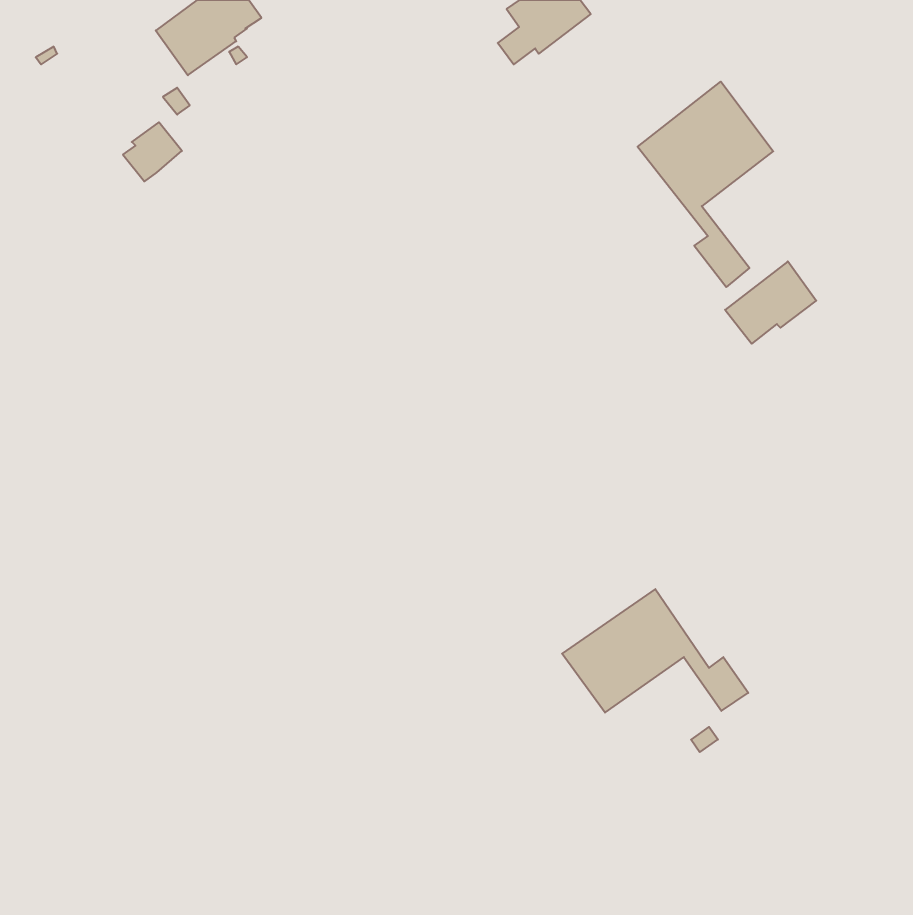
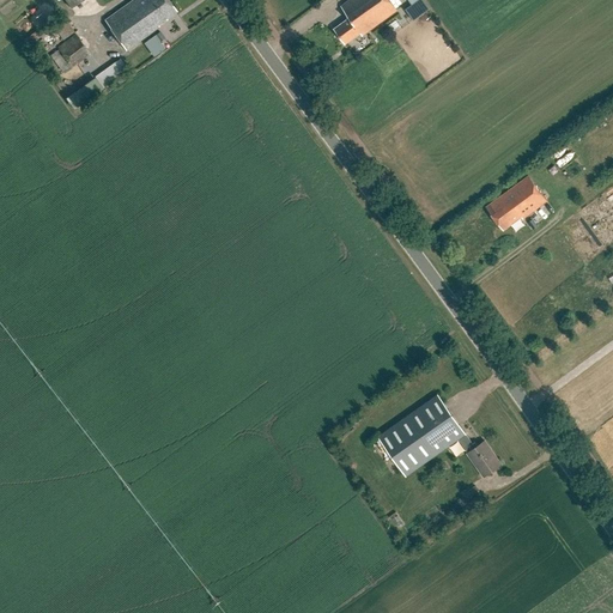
building: [638,82,773,287] -> none
building: [123,122,182,181] -> [49,35,89,74]

